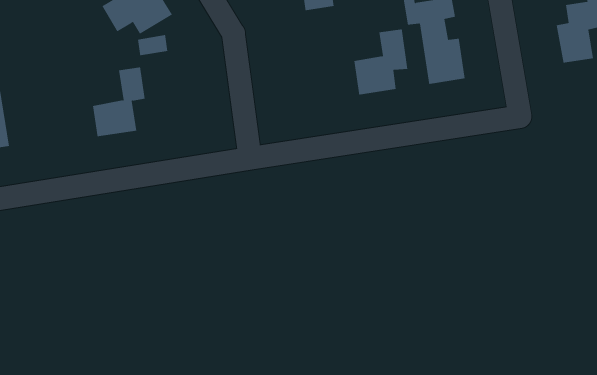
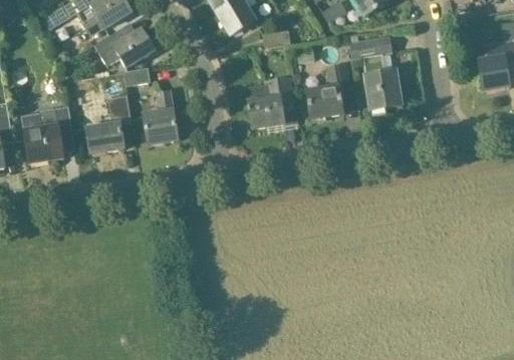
building: none -> [245,75,294,128]
building: none -> [143,90,178,144]
building: none -> [20,105,74,163]

